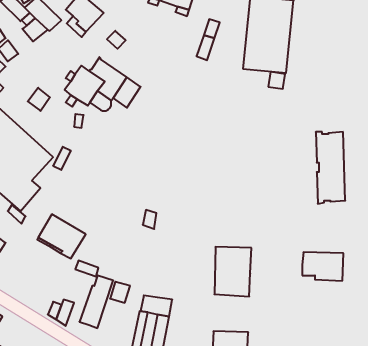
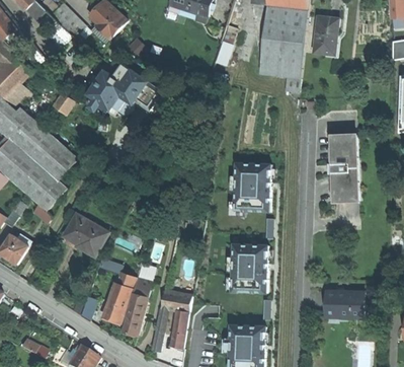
building: none -> [313,15,337,54]
building: none -> [235,163,270,211]
building: [302,252,343,281] -> [324,290,363,317]
building: none -> [122,294,146,335]

